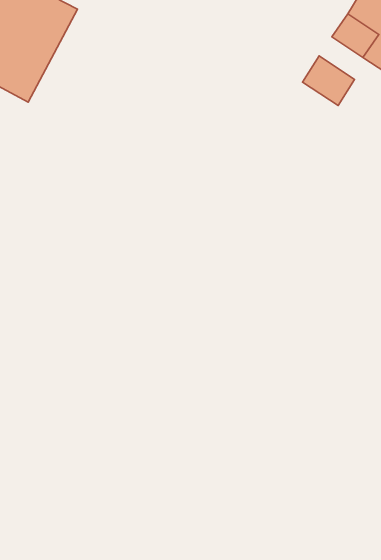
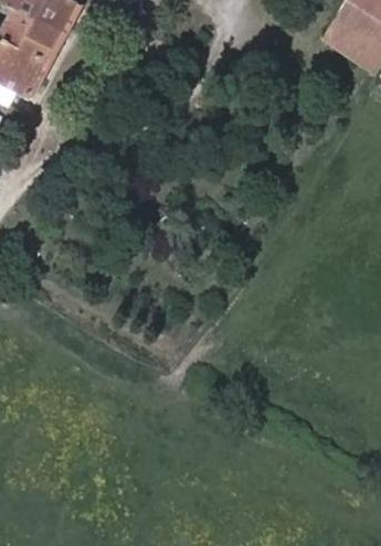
building: [303,56,355,106] -> none

